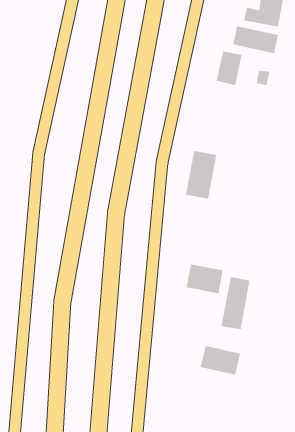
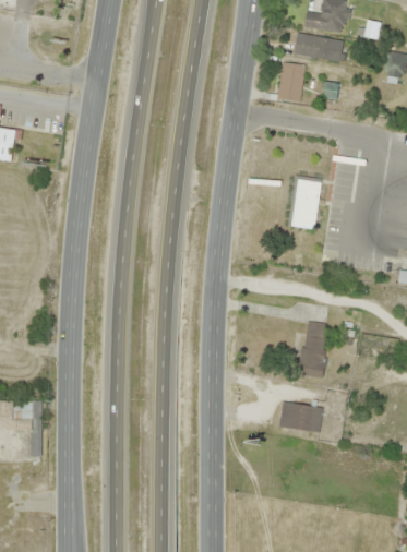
building: [185,151,217,199] -> [287,175,321,229]
building: [186,264,223,294] -> none

